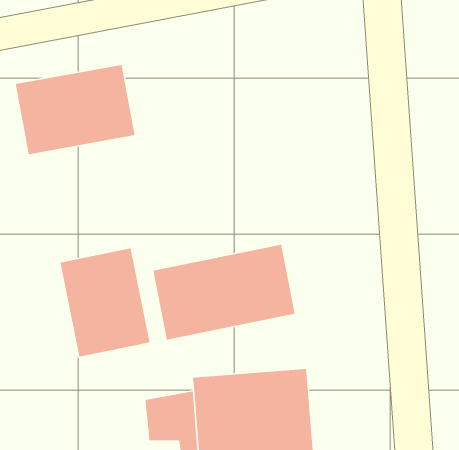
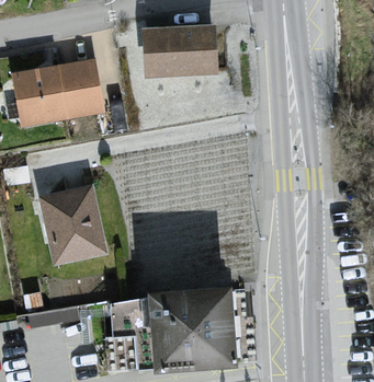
building: none -> [141,27,217,74]
building: [153,244,296,340] -> none

